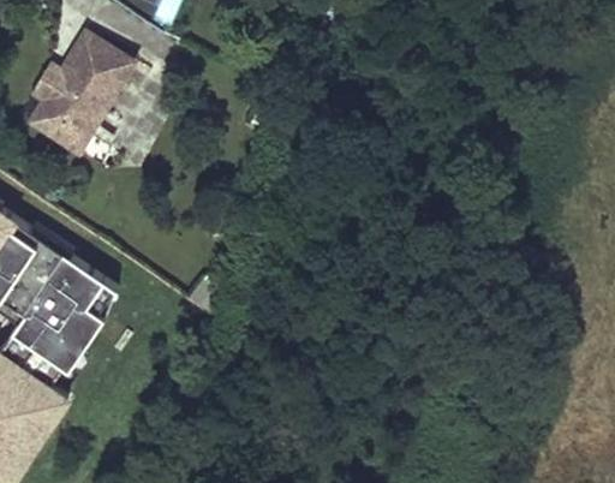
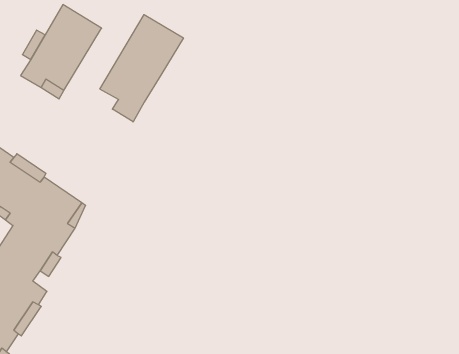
building: none -> [100,15,183,122]

